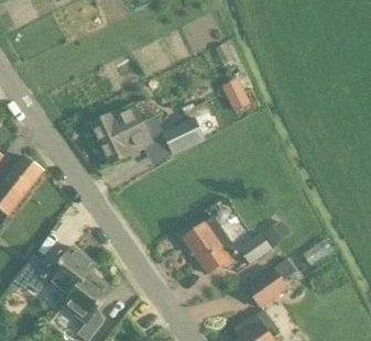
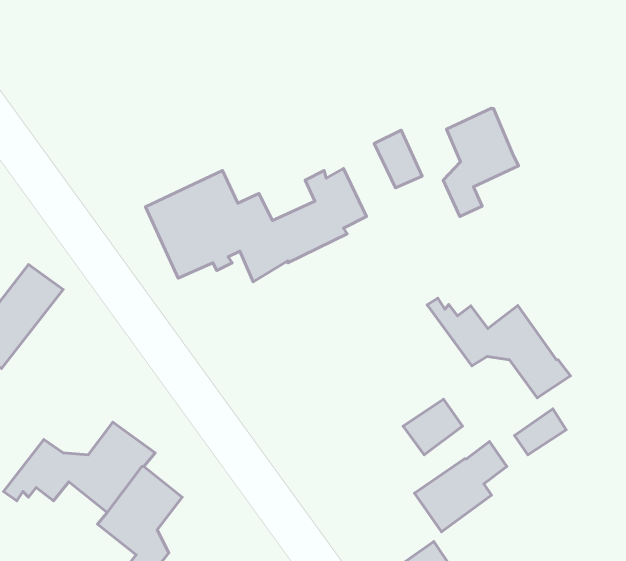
building: none -> [443,108,518,217]
building: none -> [427,298,571,398]
building: [183,216,237,272] -> none

